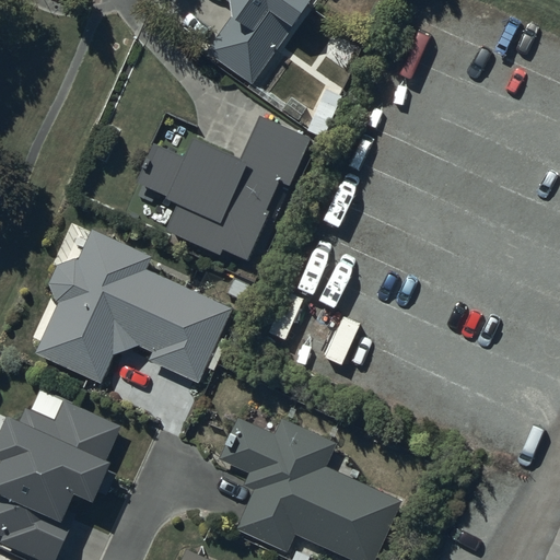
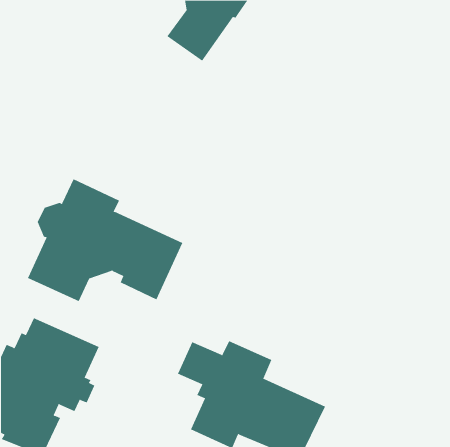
building: [132,112,310,255] -> none

